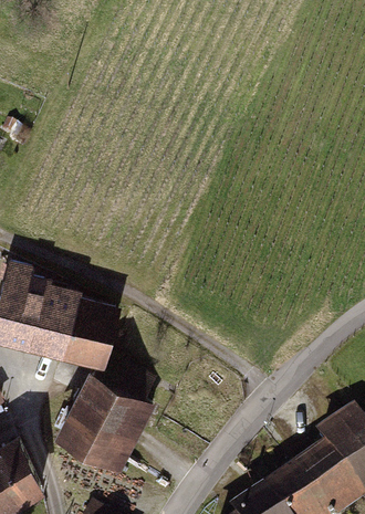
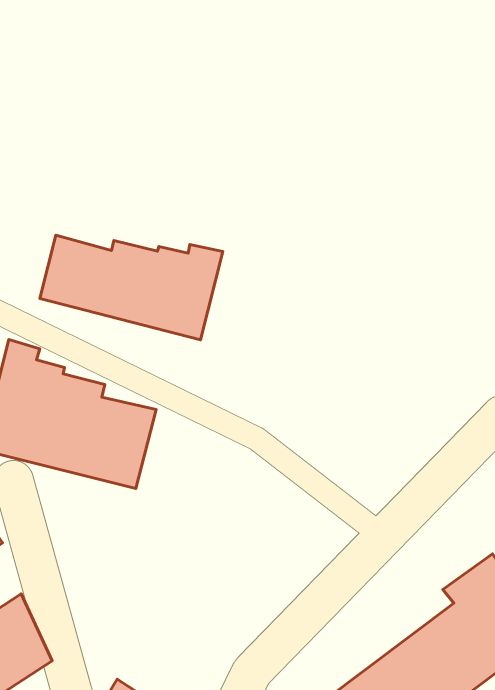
building: none -> [40,235,223,340]
building: [55,361,163,469] -> none

